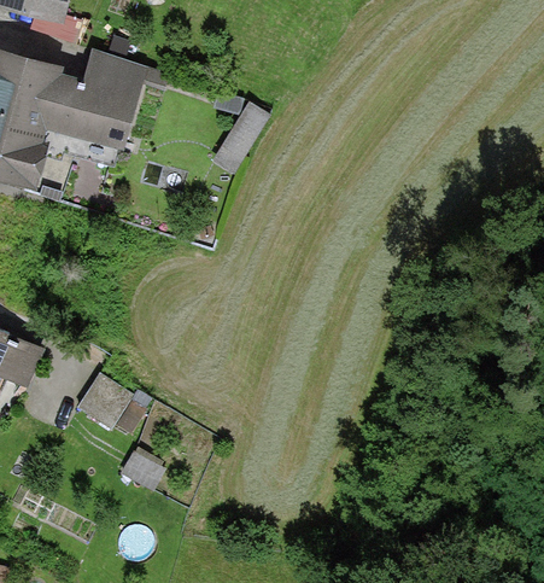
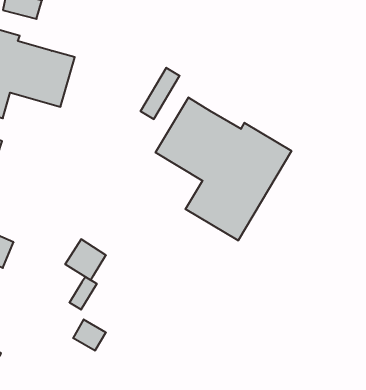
building: [95,49,136,92] -> none
building: none -> [156,97,291,241]
building: [81,377,136,432] -> [65,239,106,280]

